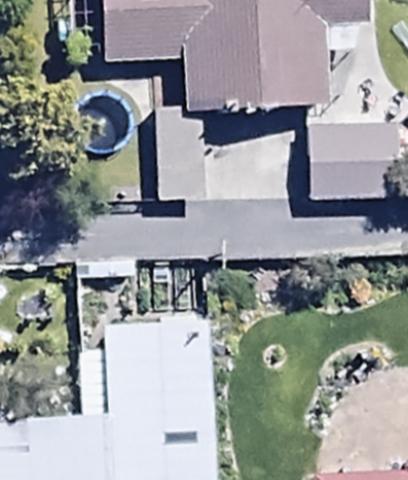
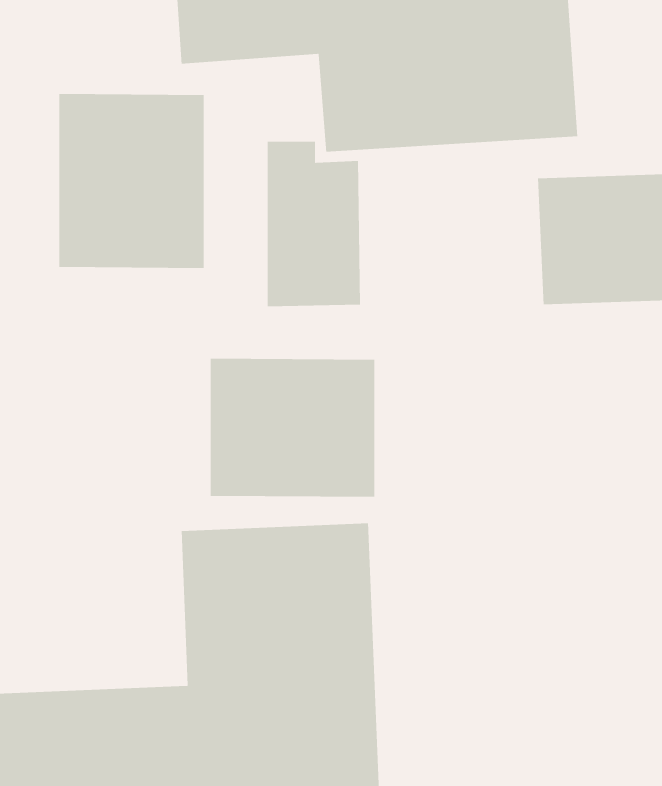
building: none -> [59,93,205,269]
building: none -> [210,358,375,498]

